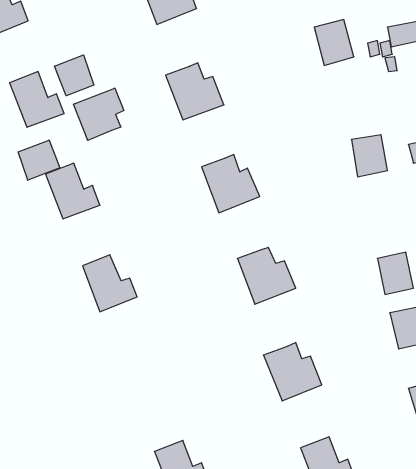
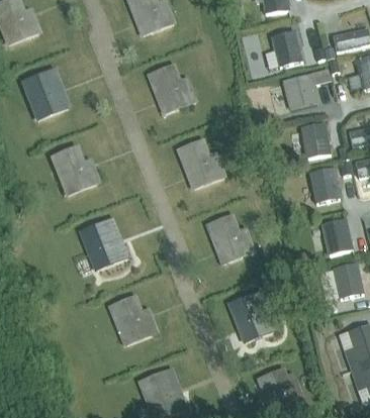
building: [55,55,94,96] -> none
building: none -> [282,74,317,109]
building: [74,88,124,140] -> none
building: [18,140,60,180] -> none
building: none -> [309,168,340,202]
building: none -> [111,297,156,342]

